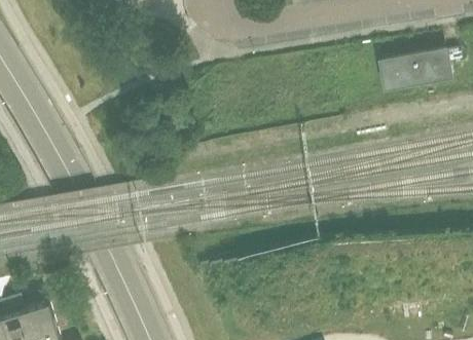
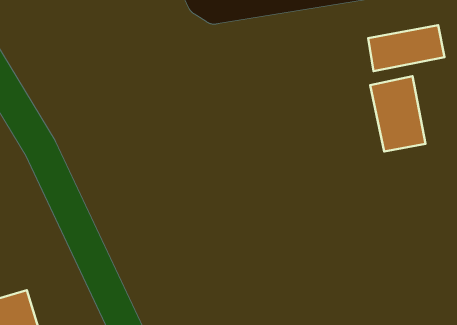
building: none -> [370,76,426,152]

